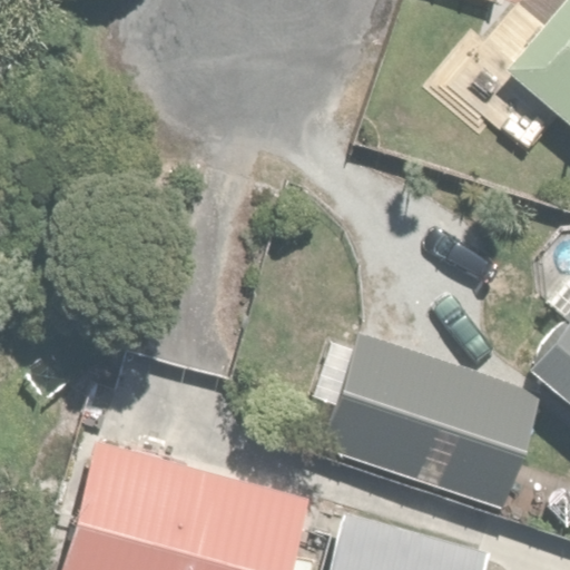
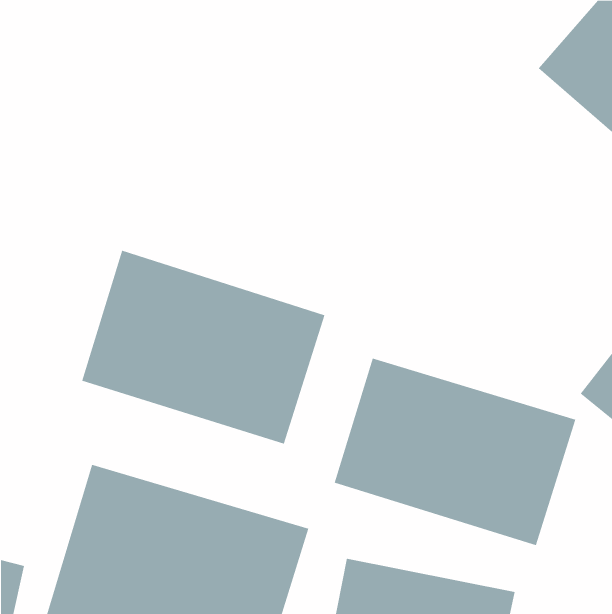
building: none -> [81,250,325,444]

